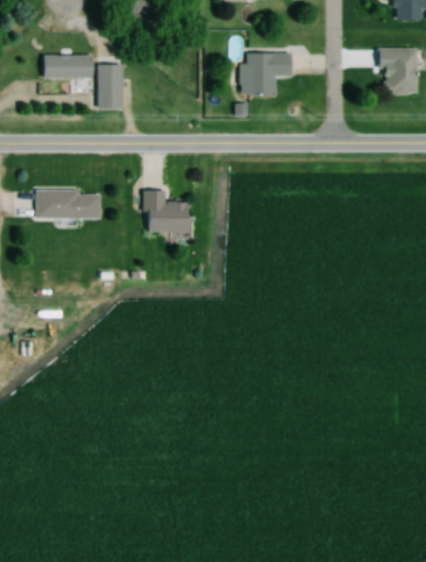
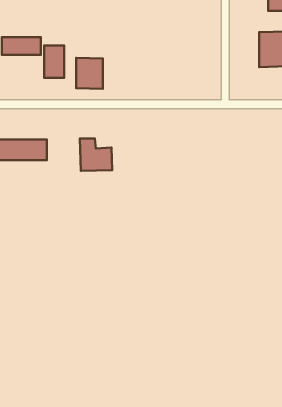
building: [240,53,292,95] -> none
building: none -> [76,58,103,89]

